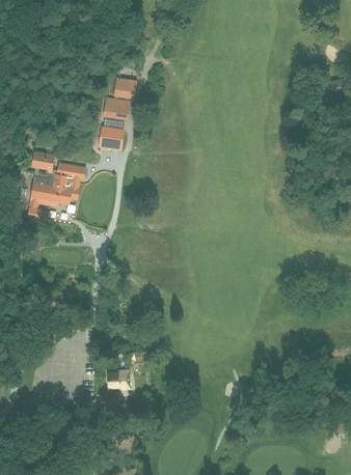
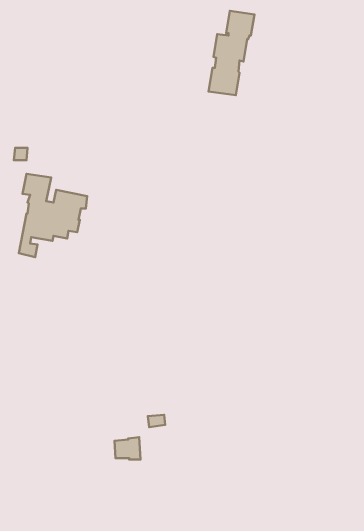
building: [98,78,136,148] -> [209,11,255,95]

